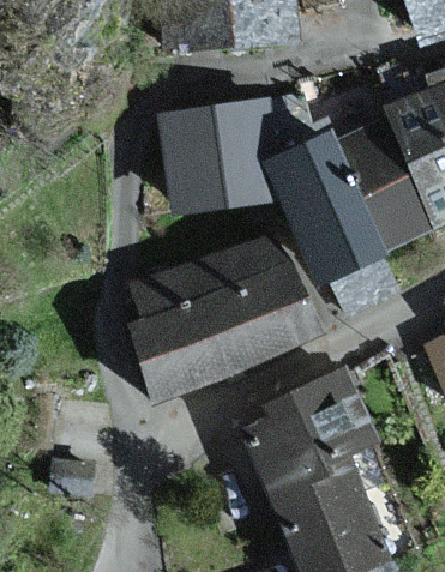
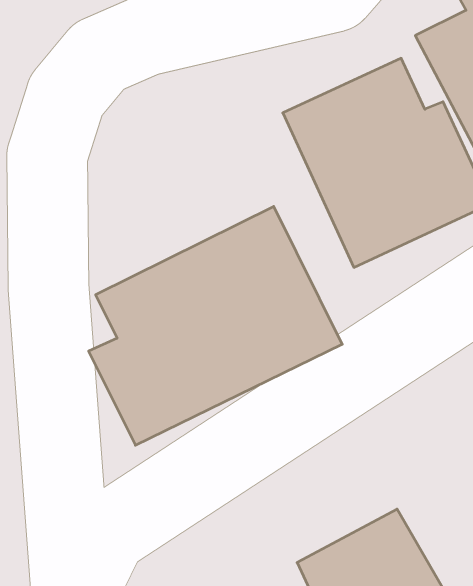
building: [155,95,285,216] -> none
building: [239,372,378,504] -> none

